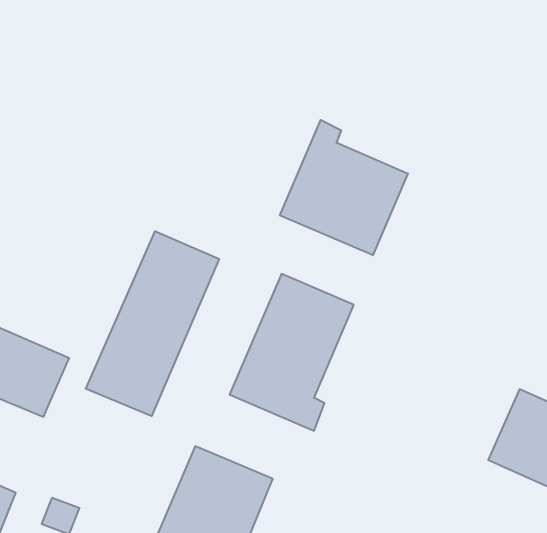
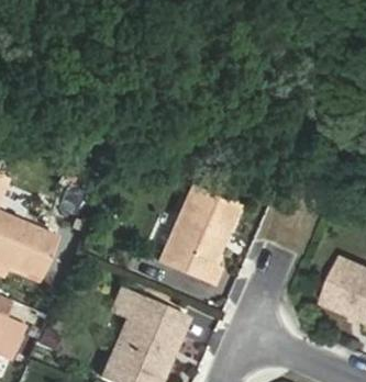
building: [280,120,408,255] -> none
building: [86,231,219,416] -> none

